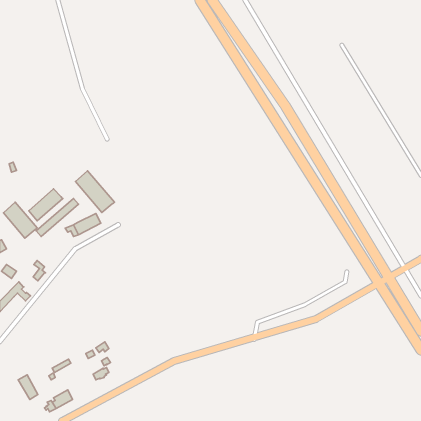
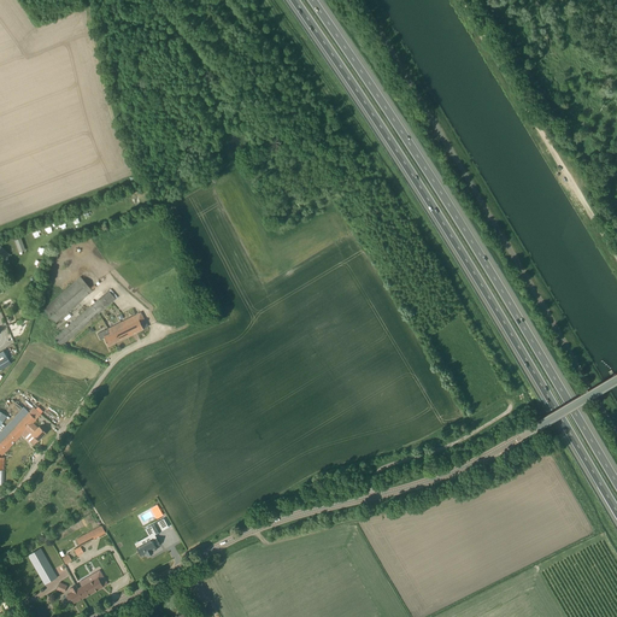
building: [76,171,115,213] -> none
building: [4,202,37,238] -> none

